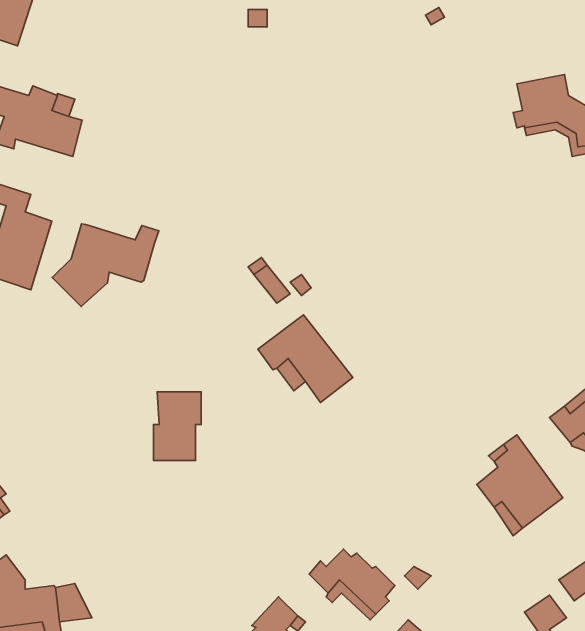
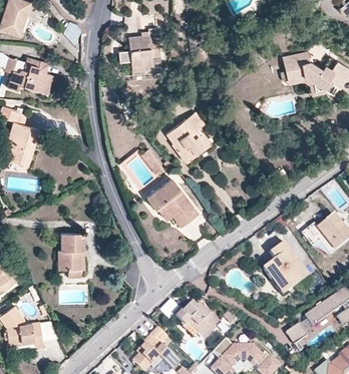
building: none -> [123,35,161,70]
building: none -> [166,110,209,159]
building: [52,224,159,306] -> none
building: [153,392,201,461] -> [58,232,83,268]

